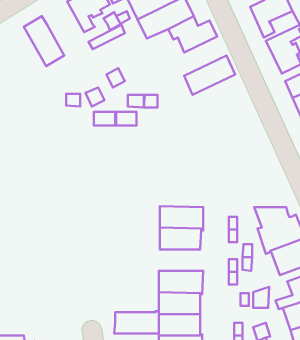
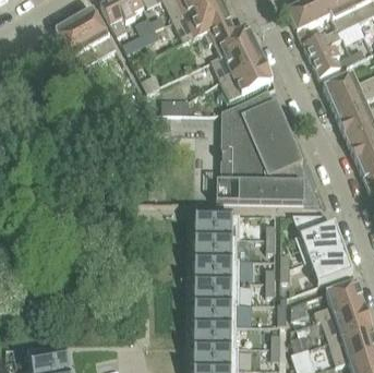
building: none -> [73,8,116,59]
building: none -> [209,39,263,80]
building: none -> [221,99,303,206]
building: [114,311,159,333] -> [193,257,239,280]

